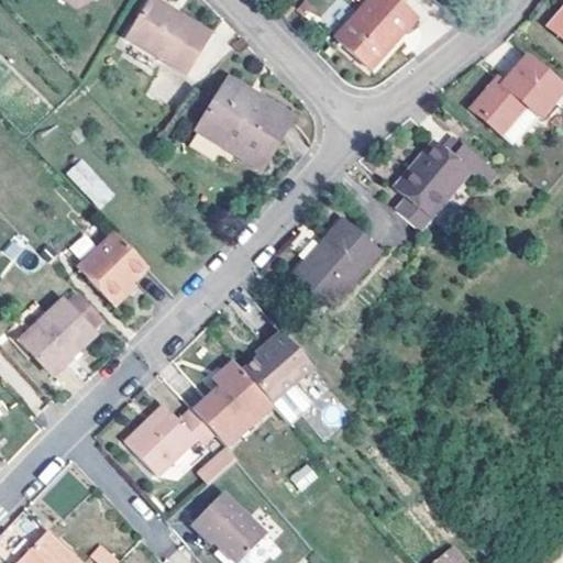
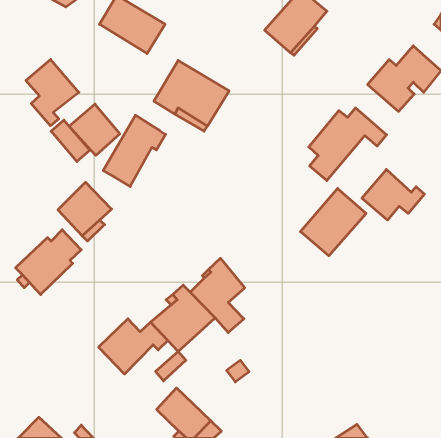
building: none -> [26,59,79,126]
building: none -> [69,104,120,155]
building: none -> [103,115,166,187]
building: none -> [362,169,424,220]
building: [291,221,375,307] -> [300,188,366,256]

